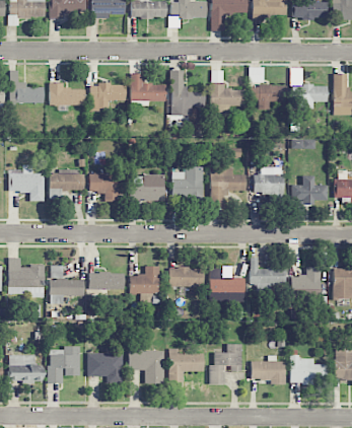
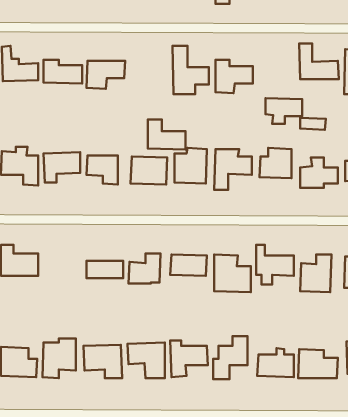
building: [130,73,165,101] -> [148,119,185,150]
building: [252,84,286,109] -> [266,98,302,124]
building: [50,265,83,303] -> none

